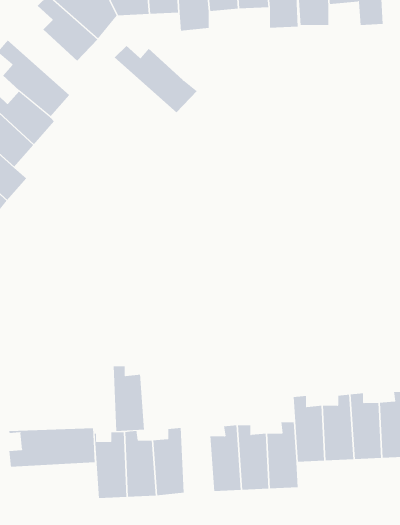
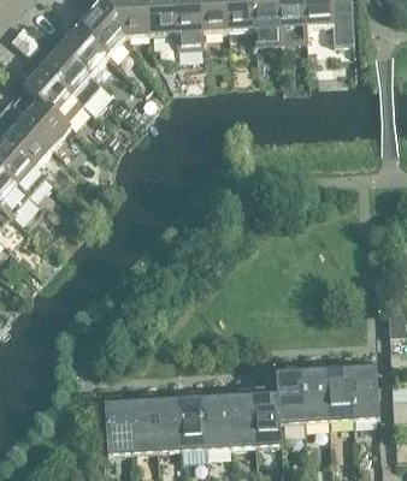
building: [114,45,197,113] -> [28,47,100,106]
building: [113,366,145,431] -> [178,393,206,450]
building: [9,428,95,467] -> none

